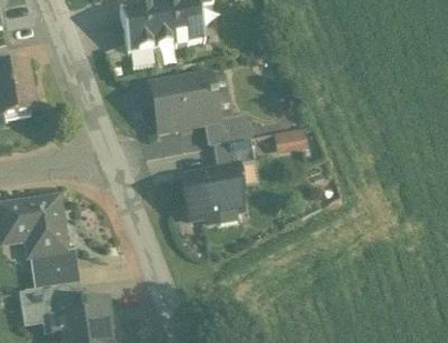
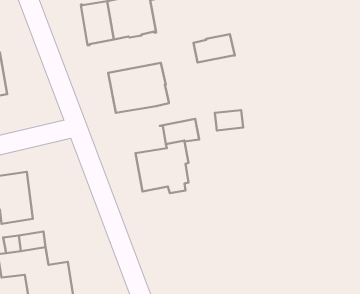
building: [205,111,251,143] -> [194,34,235,63]

